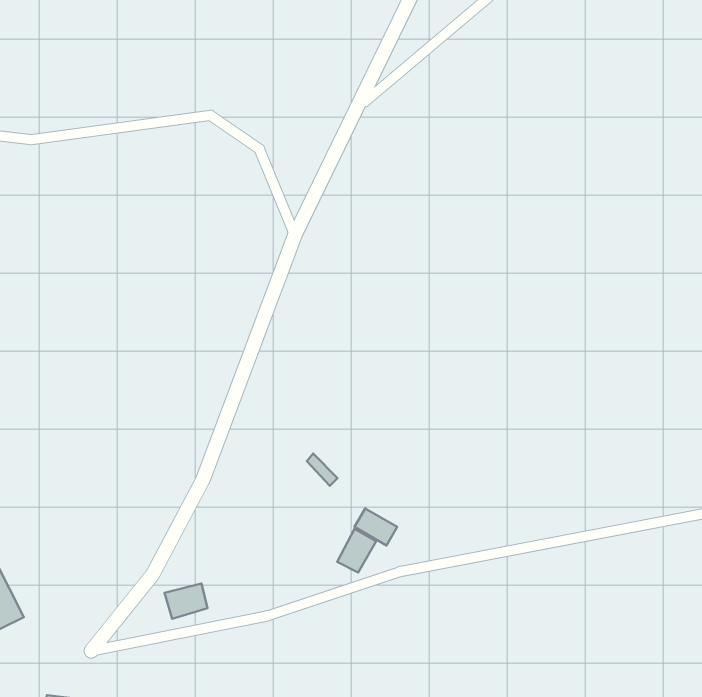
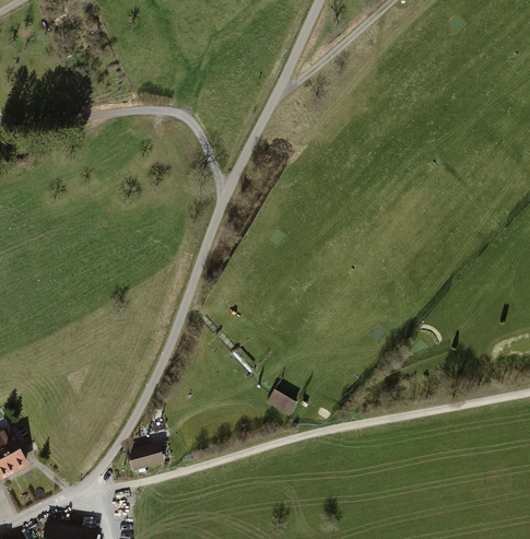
building: [337,529,376,572] -> none

